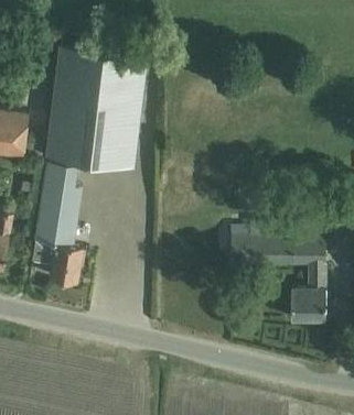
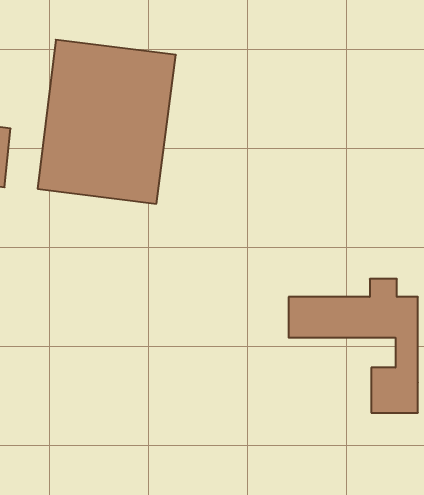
building: [31,162,84,284] -> none

